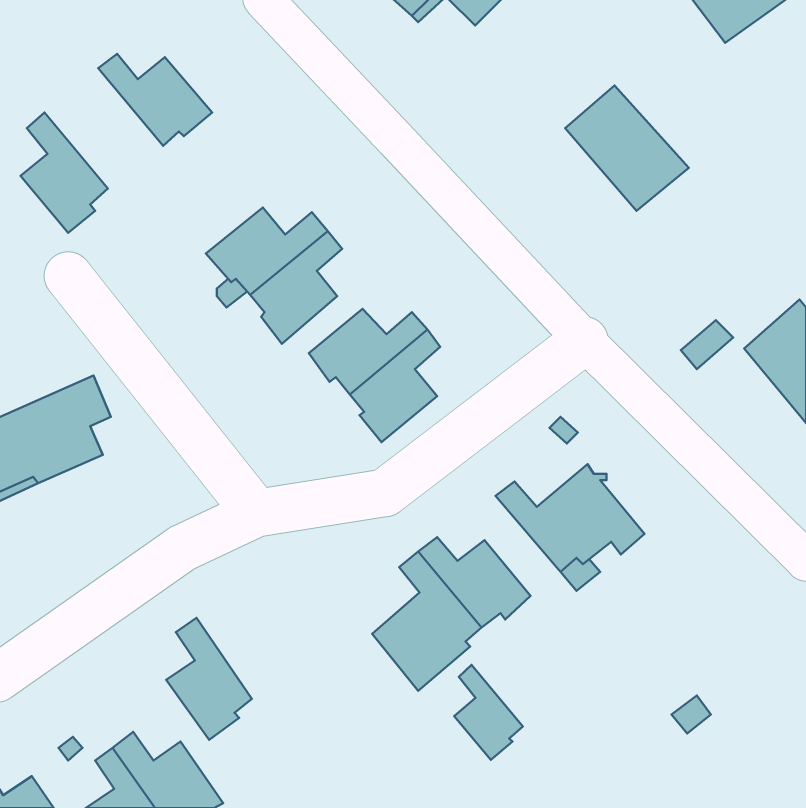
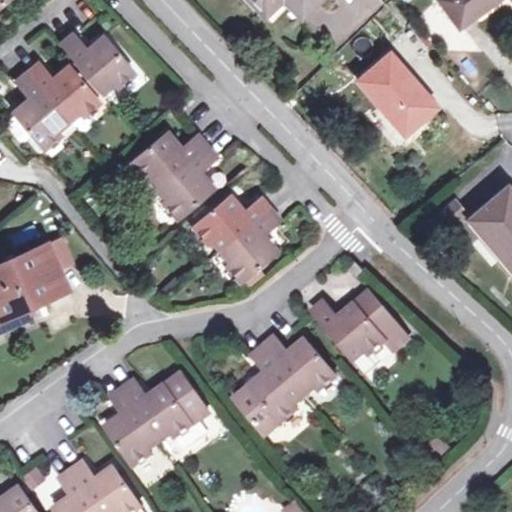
building: none -> [28,62,99,120]
building: none -> [124,375,207,441]
building: [454,665,523,760] -> none

